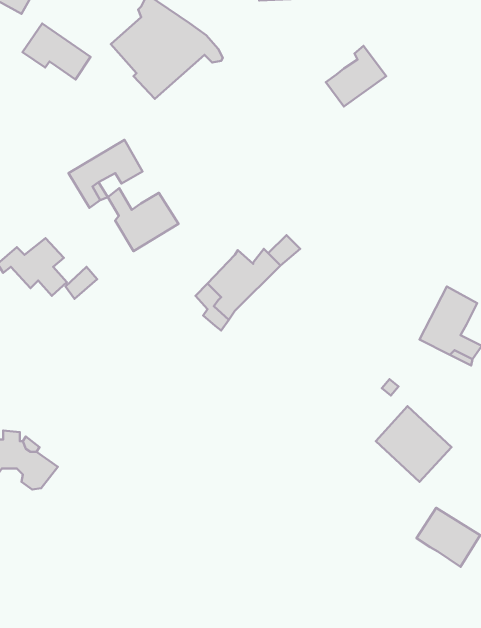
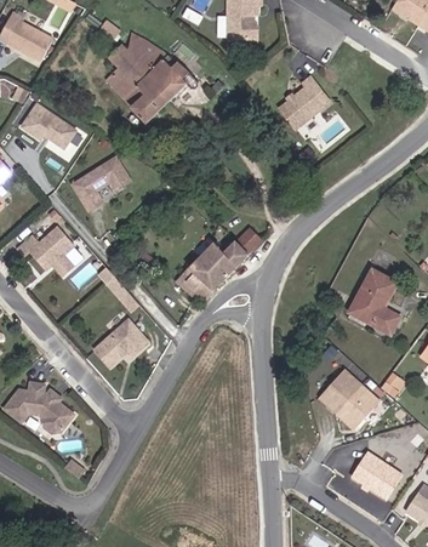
building: [22,23,90,80] -> [24,102,79,147]
building: [108,188,179,251] -> none
building: none -> [92,321,145,369]

